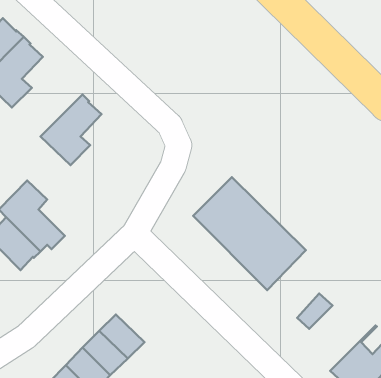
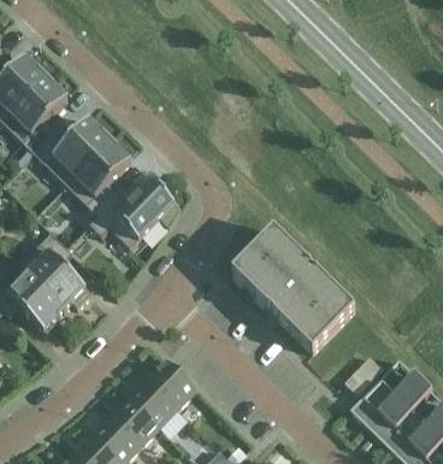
building: none -> [34,117,111,183]
building: none -> [89,180,181,247]
building: none -> [147,358,196,407]
building: none -> [349,372,430,439]

